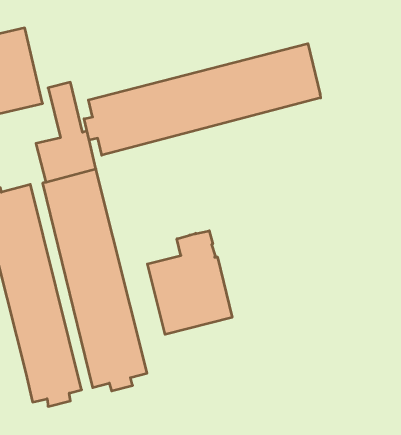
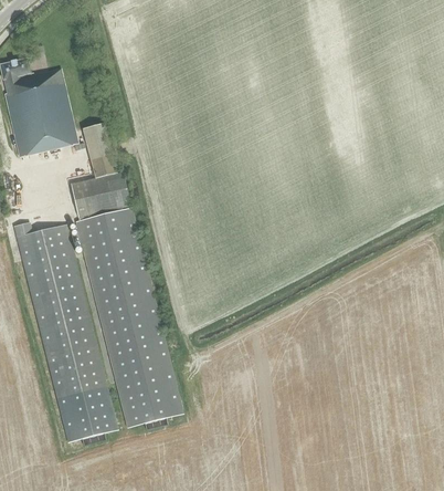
building: [84,44,321,155] -> none
building: [147,231,232,334] -> none

